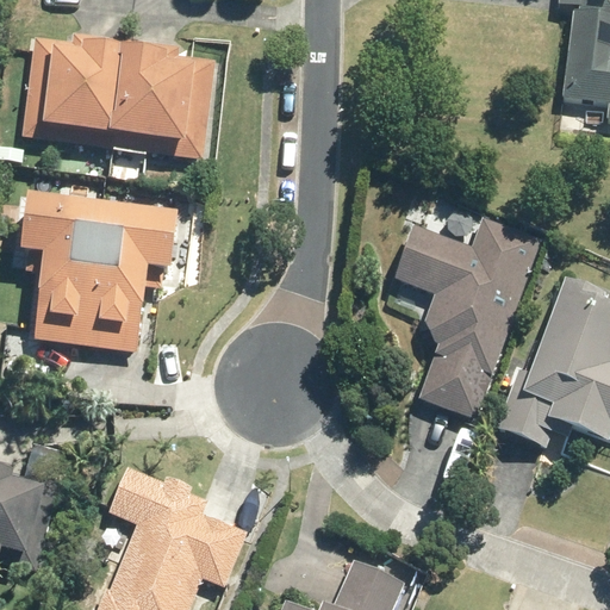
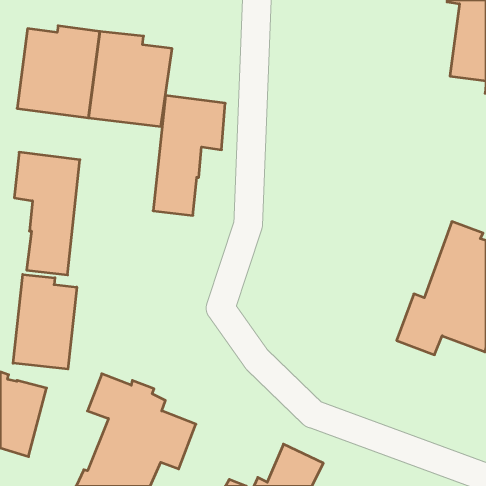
building: [85,200,175,350] -> [153,96,225,215]
building: [396,218,544,421] -> none
building: none -> [13,274,77,369]

